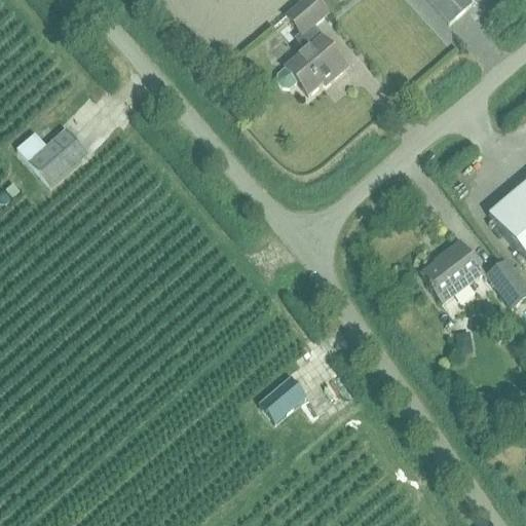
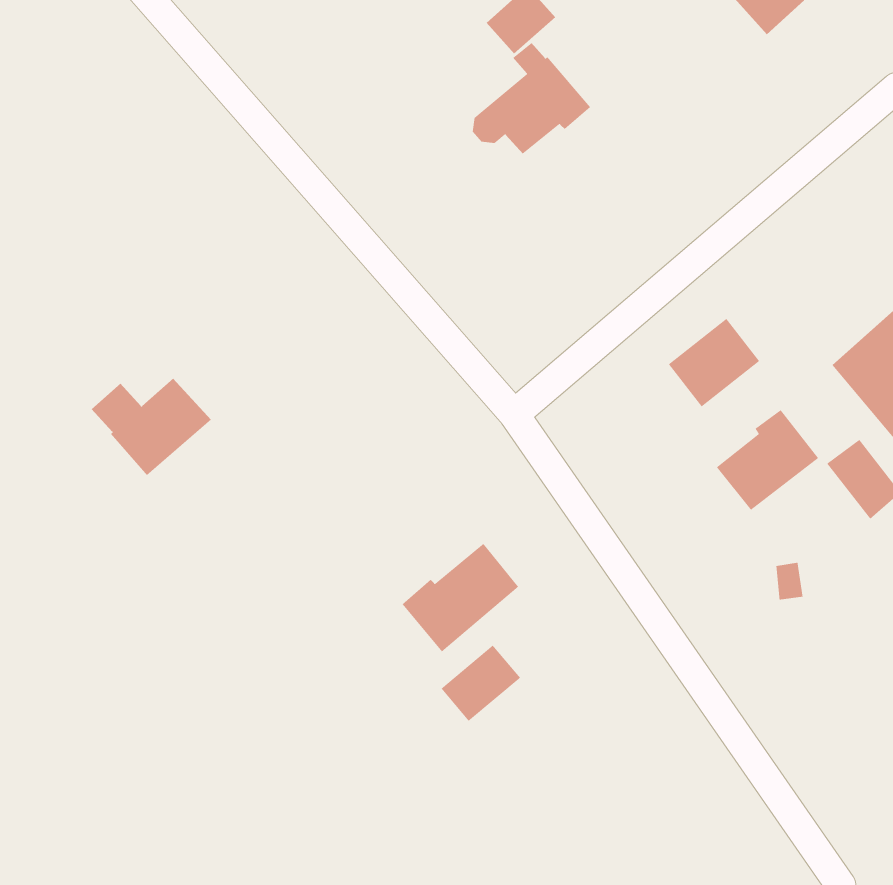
building: [18,128,89,186] -> [91,378,212,476]
building: none -> [668,318,760,407]
building: none -> [402,543,519,652]

